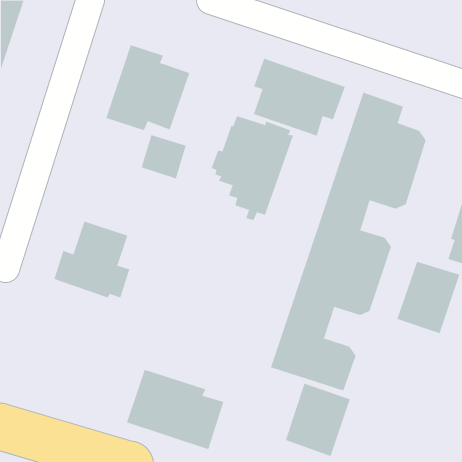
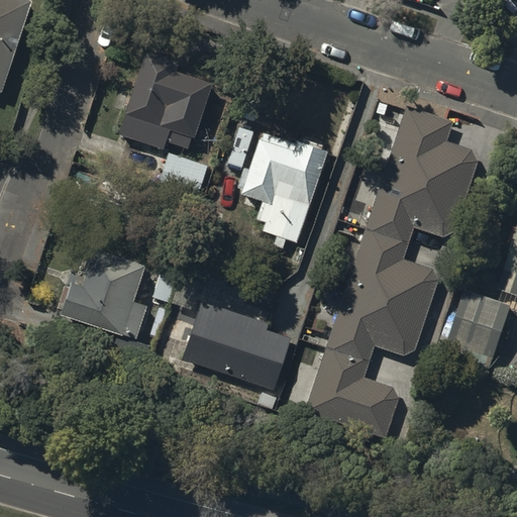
building: [253,58,345,136] -> none
building: [126,369,224,450] -> [182,301,291,391]
building: [285,383,350,457] -> none

